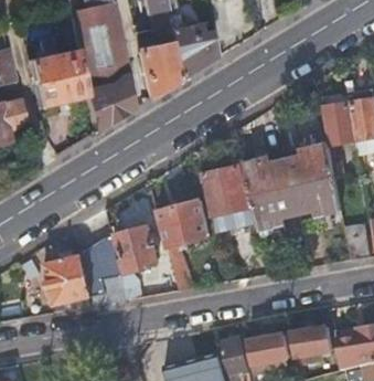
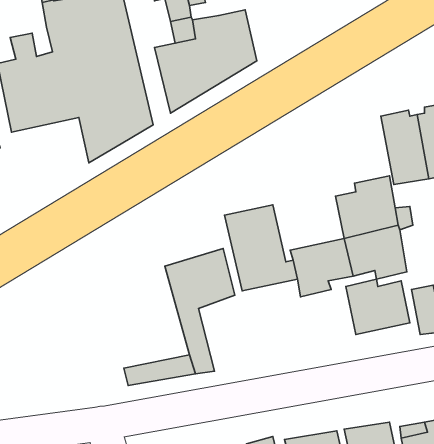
building: [241,156,289,198] -> [346,279,410,335]
building: [111,225,152,271] -> none
building: [40,236,115,301] -> none

